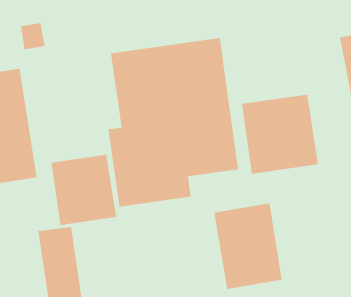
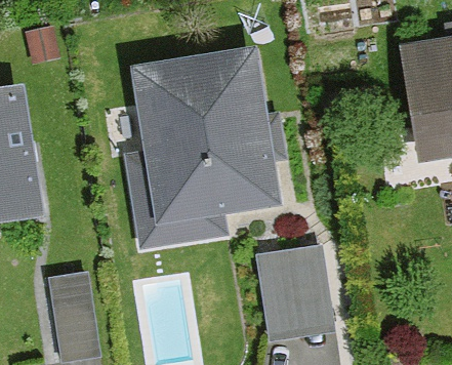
building: [241,94,319,174] -> none
building: [51,154,117,226] -> none

